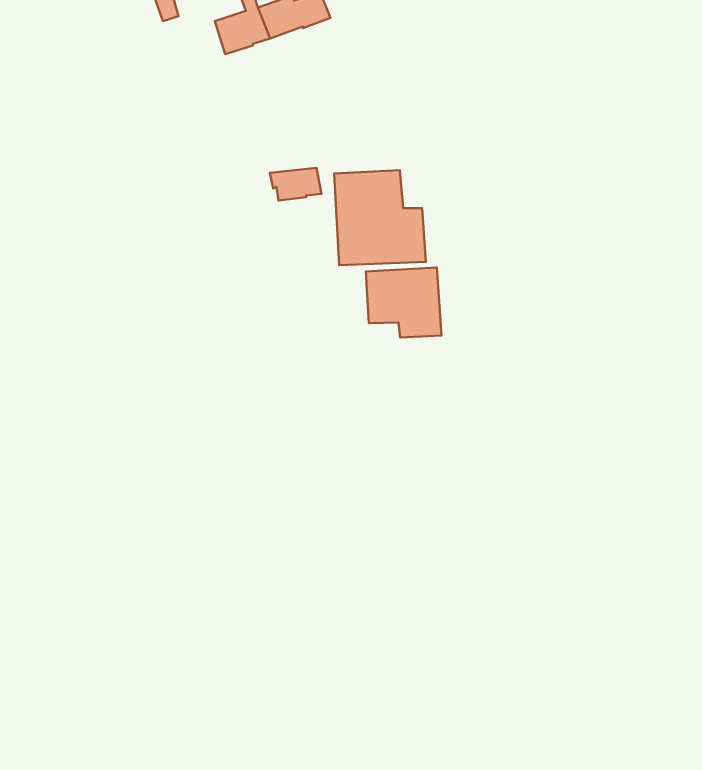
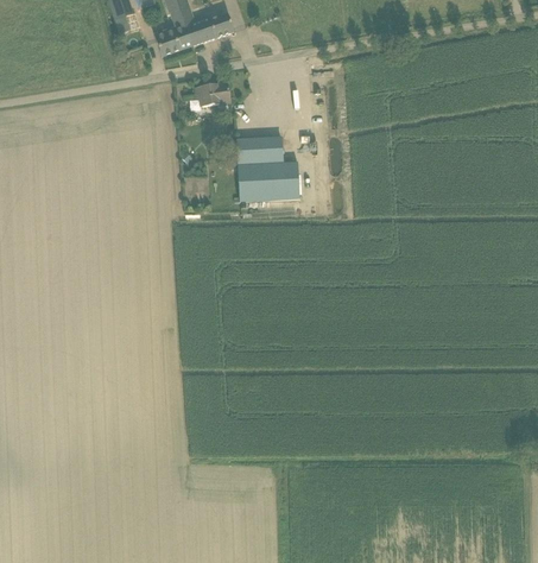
building: [270,168,322,201] -> [195,83,230,106]
building: [366,267,442,337] -> none

